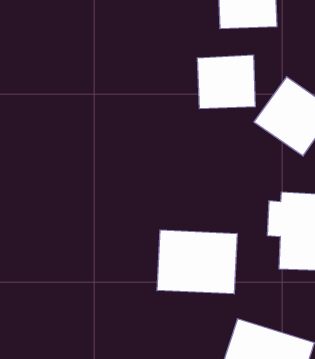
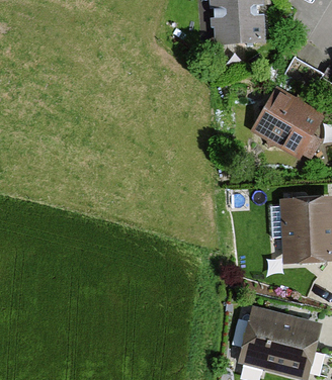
building: [198,55,255,109] -> none
building: [157,230,237,294] -> none

